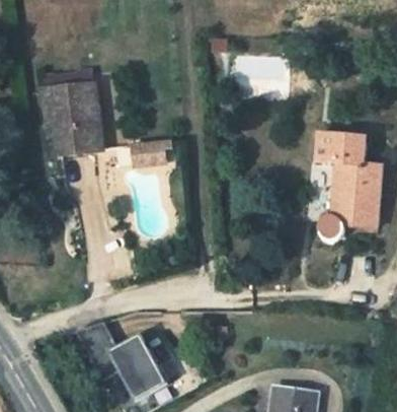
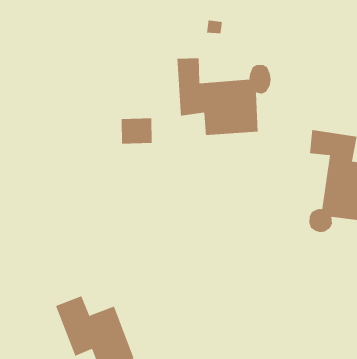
building: none -> [177,57,271,136]
building: [50,83,104,152] -> none

